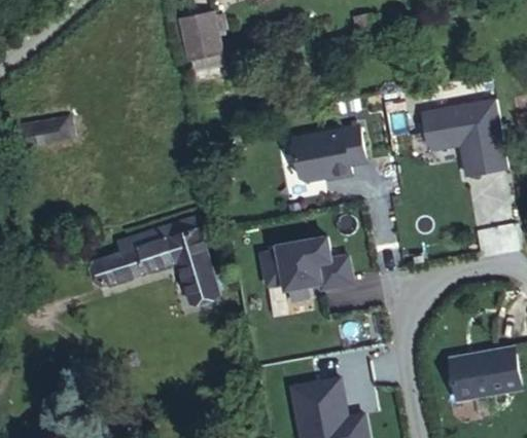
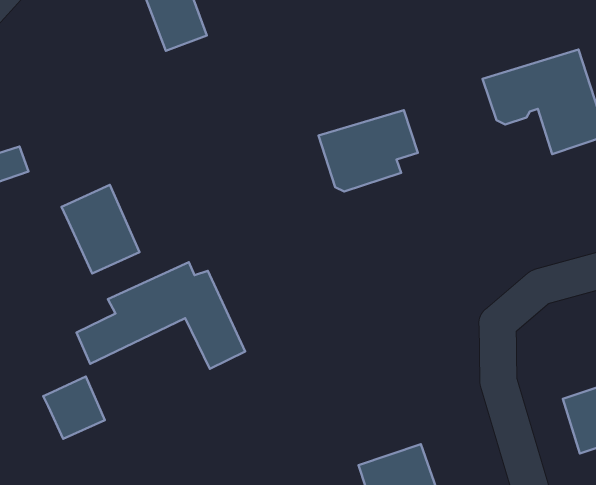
building: none -> [61,185,139,273]
building: [260,236,352,290] -> none
building: none -> [43,377,105,439]

